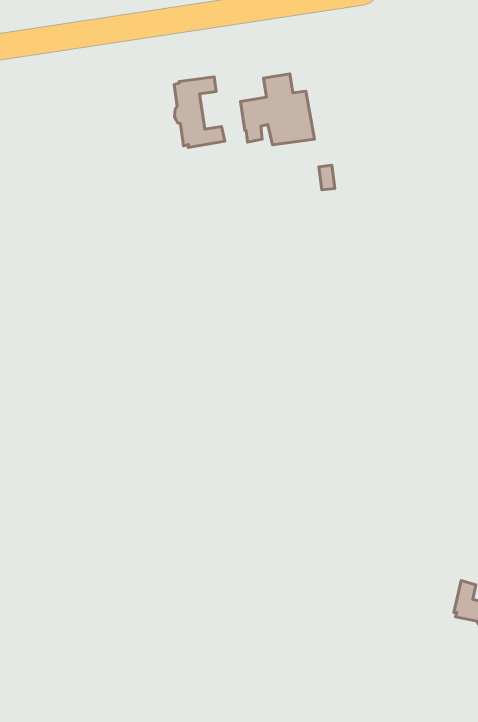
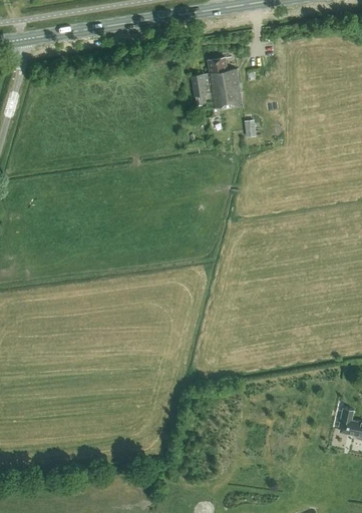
building: [174,77,225,147] -> none

